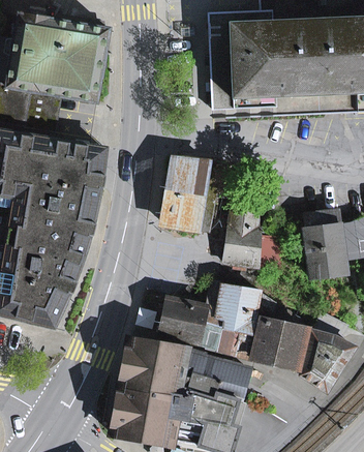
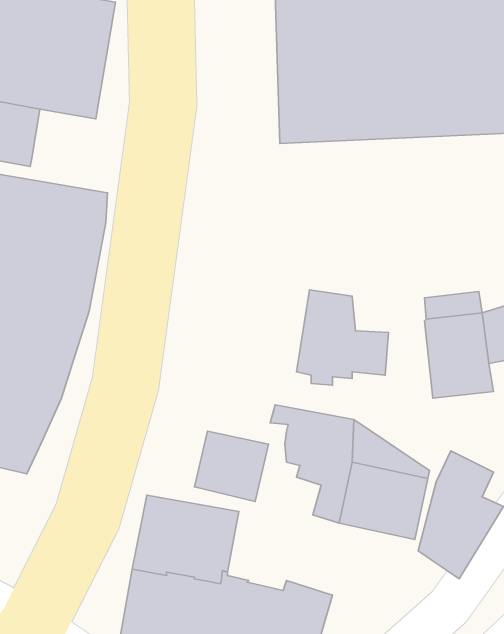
building: [162,156,231,230] -> none
building: [198,293,239,351] -> none
building: [180,349,249,399] -> none

